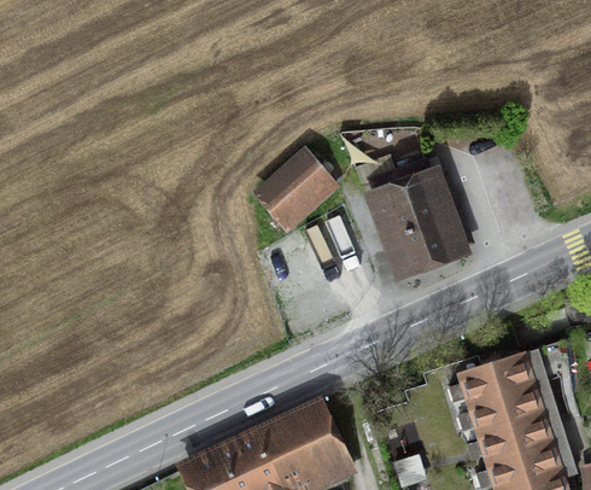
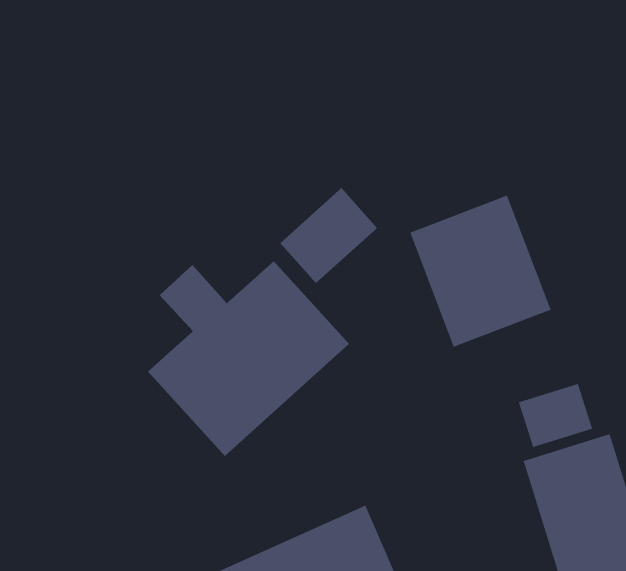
building: none -> [147,261,350,457]
building: none -> [518,383,593,448]

